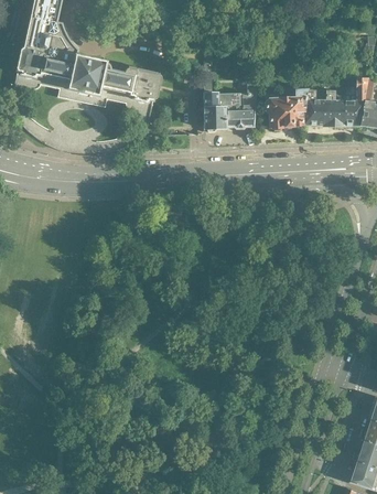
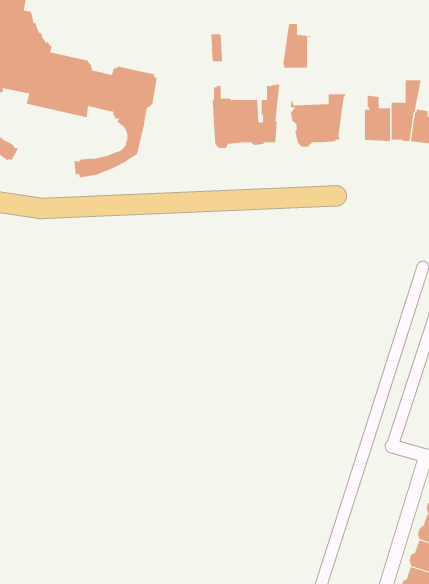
building: [302,89,325,125] -> [283,23,312,68]

